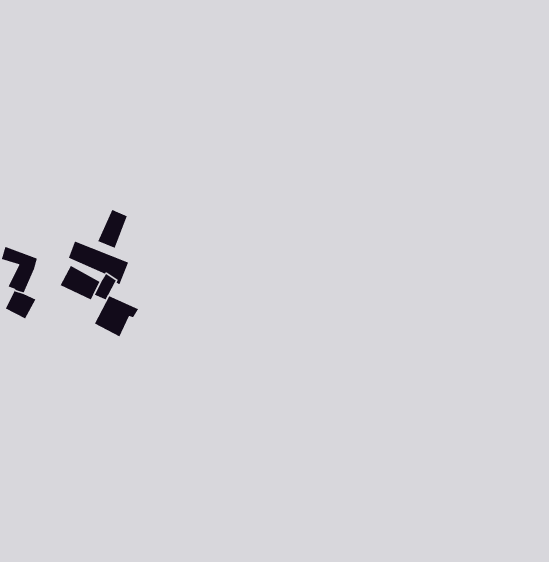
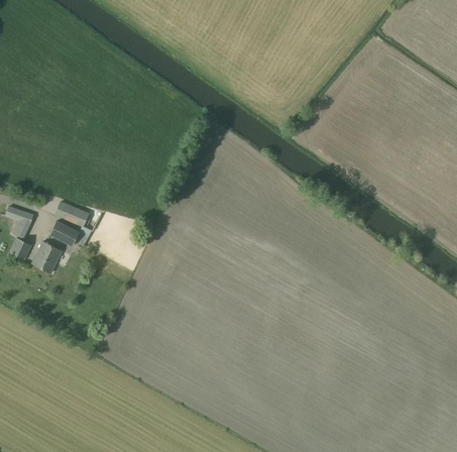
building: [97,209,128,249] -> none
building: [94,295,139,337] -> [31,241,65,272]

